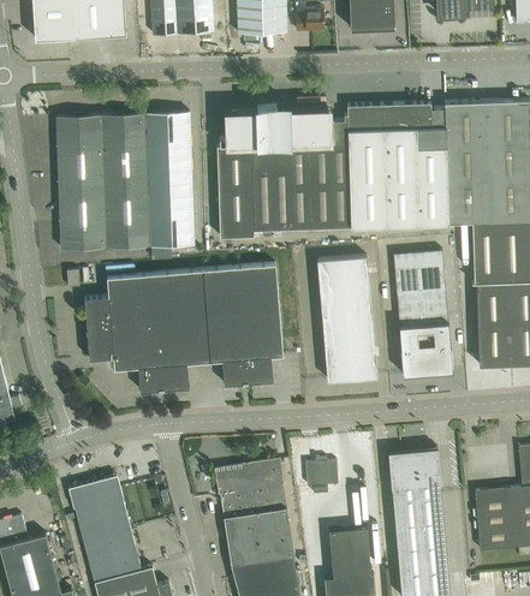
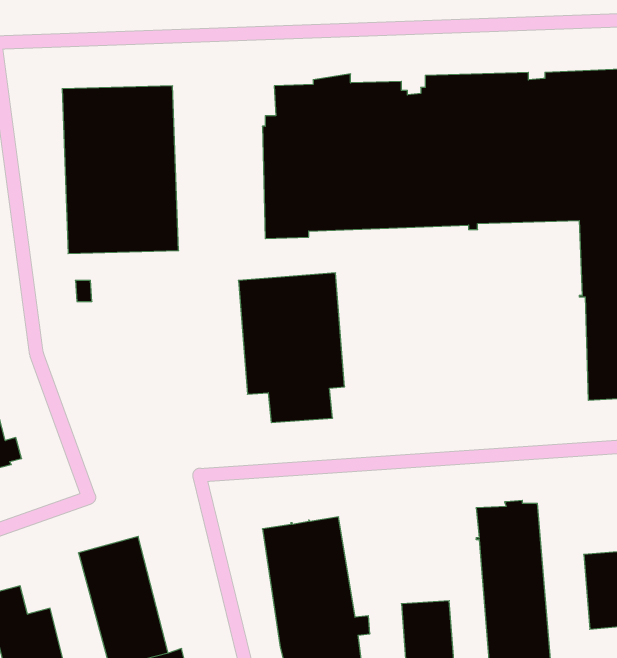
building: [144,114,193,248] -> none
building: [393,254,452,377] -> none
building: [317,260,376,382] -> none
building: [83,272,204,393] -> none
building: [305,459,338,487] -> none

